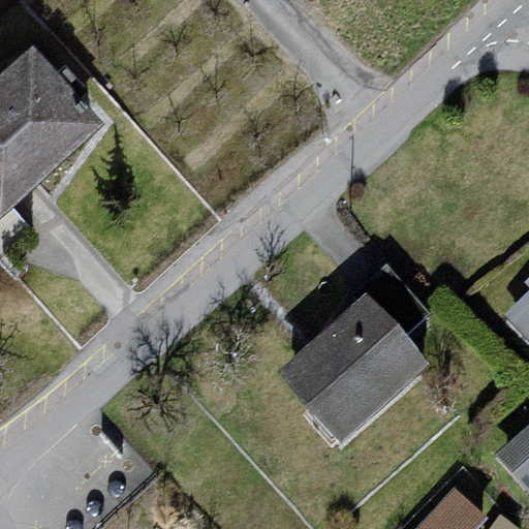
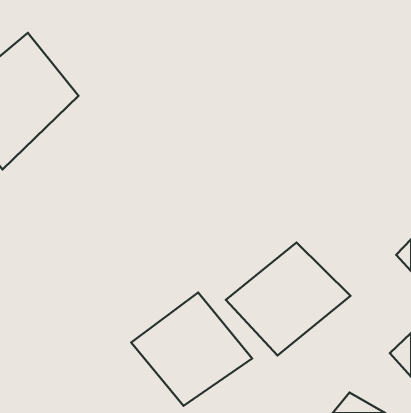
building: none -> [131,293,252,406]

